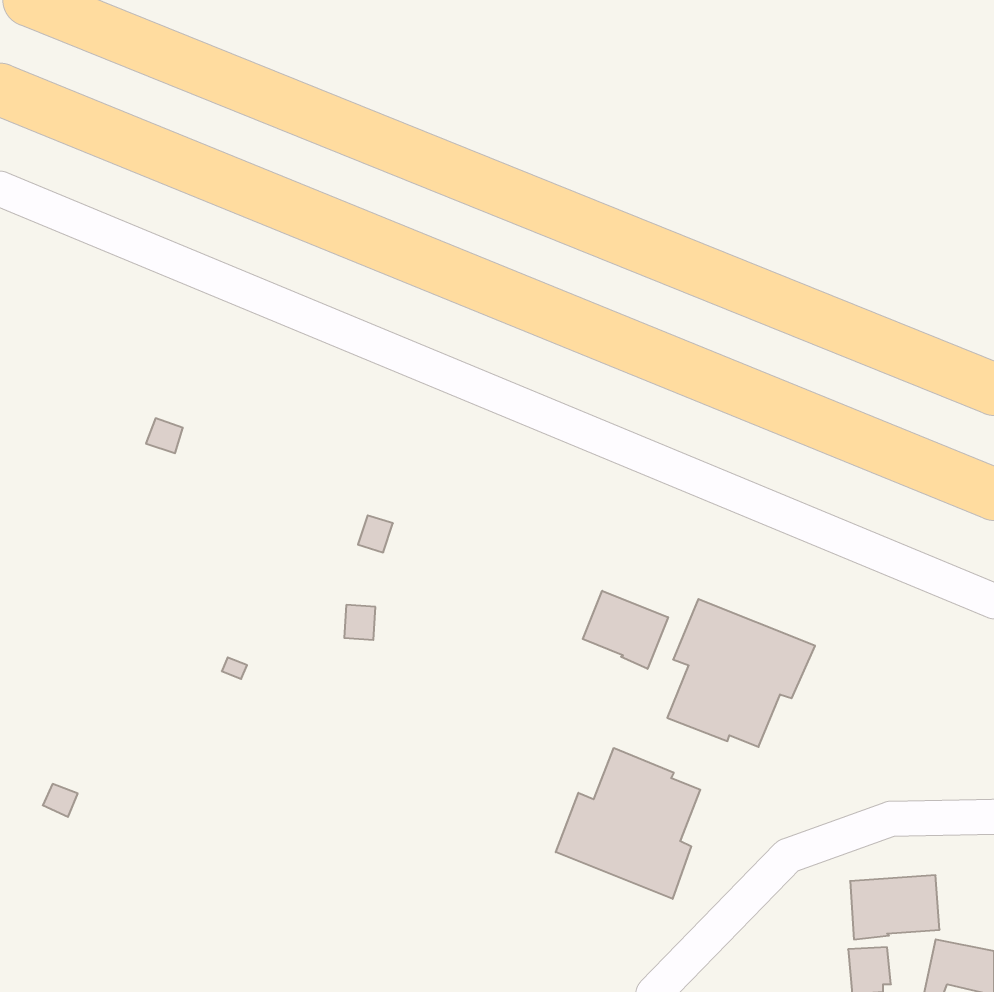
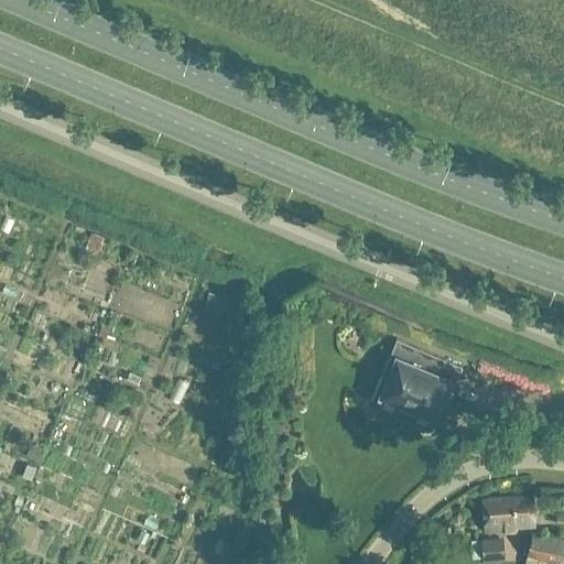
building: [583,591,668,669] -> none
building: [556,748,700,899] -> none

